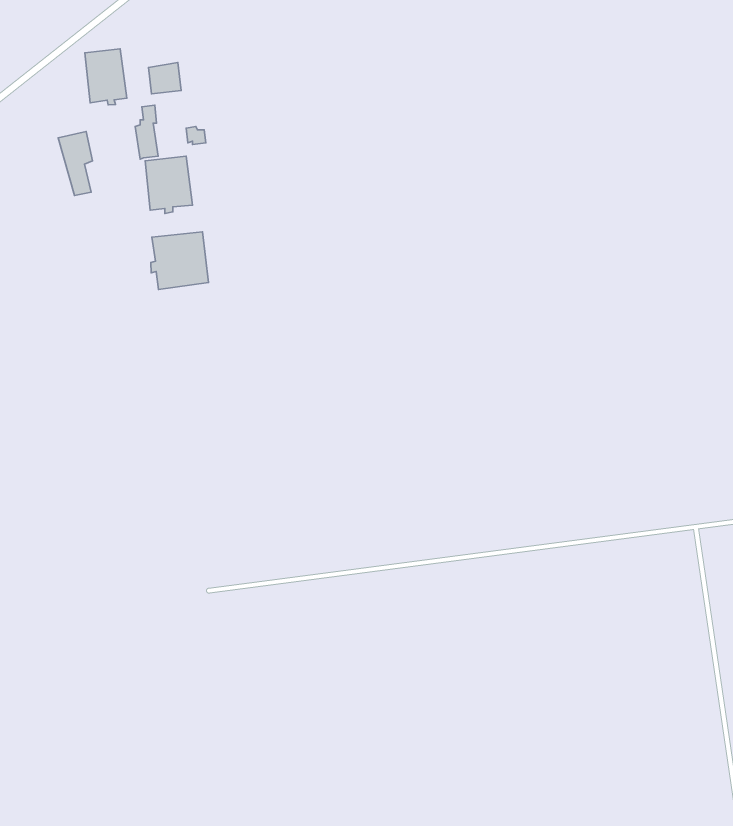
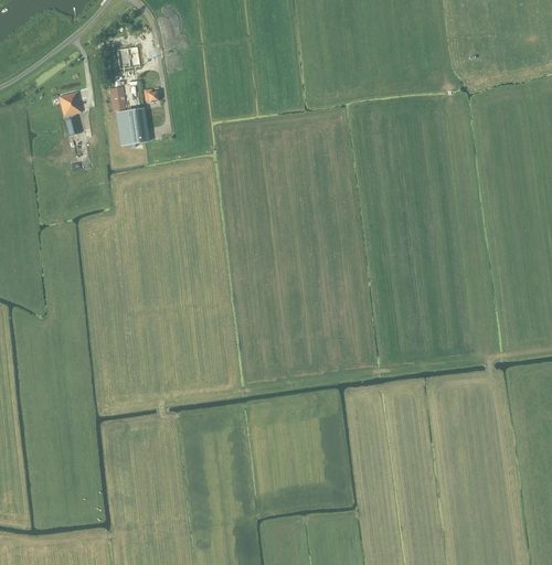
building: [85,49,127,105] -> none
building: [151,232,208,290] -> none

